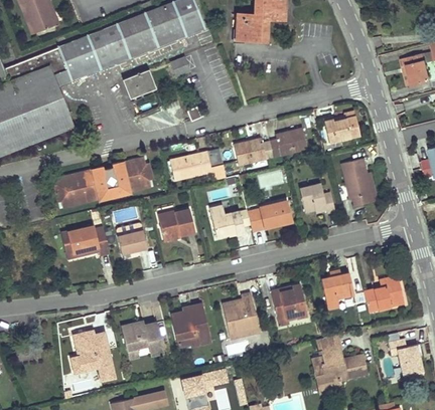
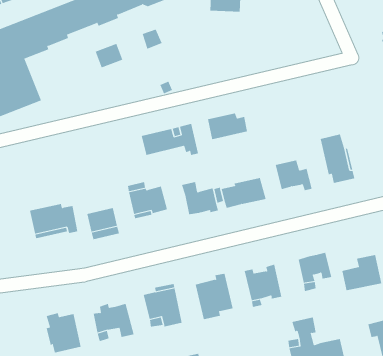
building: [323,112,359,144] -> none
building: [270,129,307,157] -> none
building: [52,158,151,207] -> none

